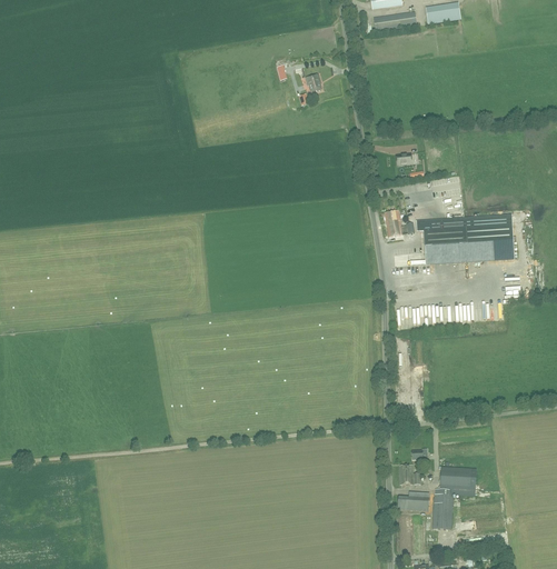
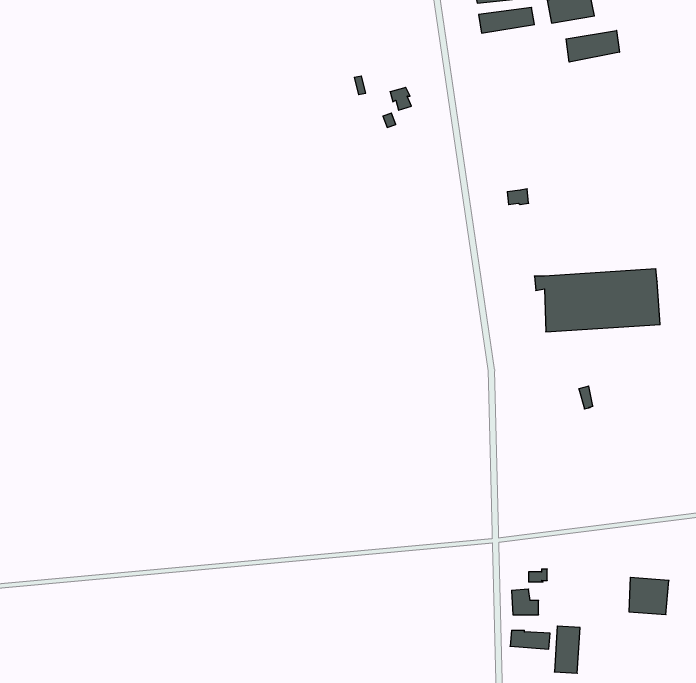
building: none -> [566,30,619,62]
building: [385,209,415,236] -> none
building: [440,466,471,495] -> [629,577,669,615]

